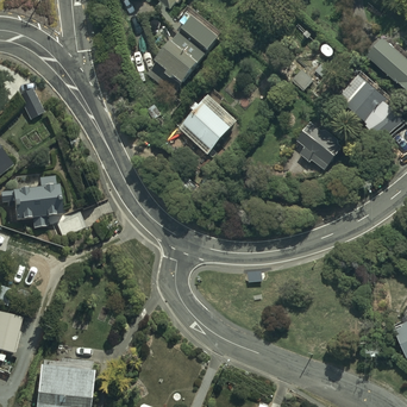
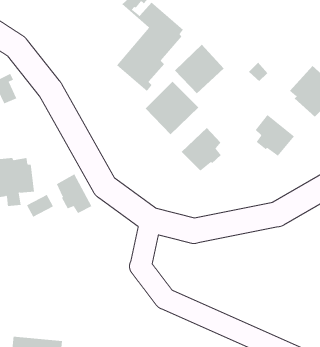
building: none -> [174,44,224,94]
building: none -> [181,127,222,172]
building: none -> [56,174,92,214]

